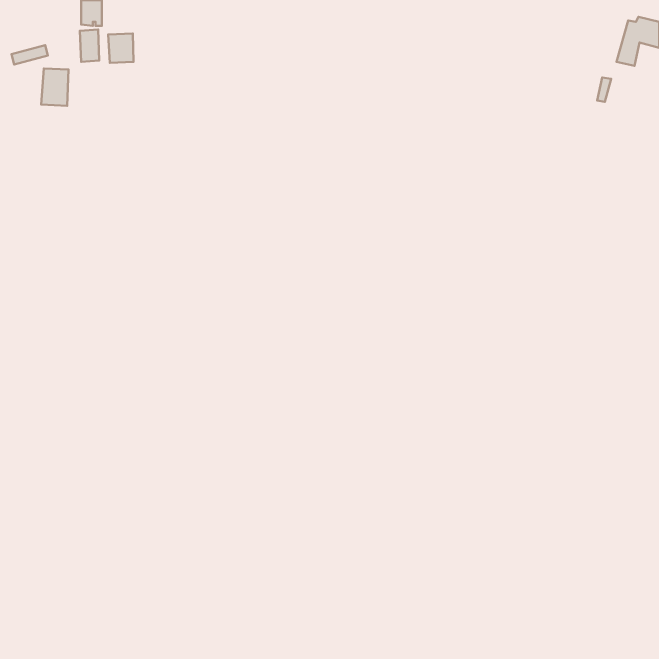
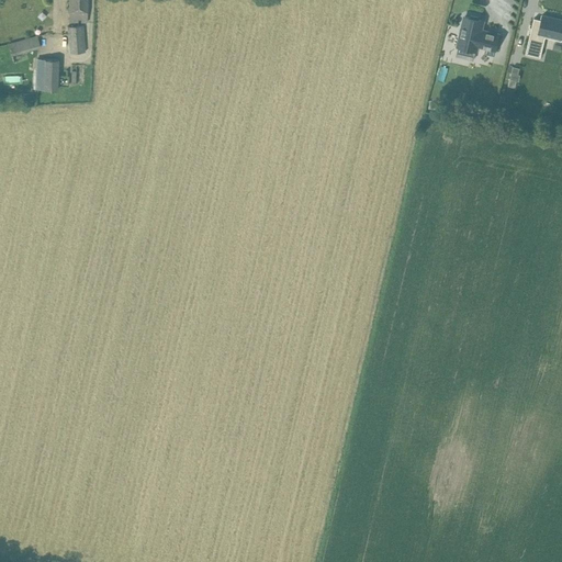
building: none -> [458,15,499,55]
building: [108,34,134,63] -> none

